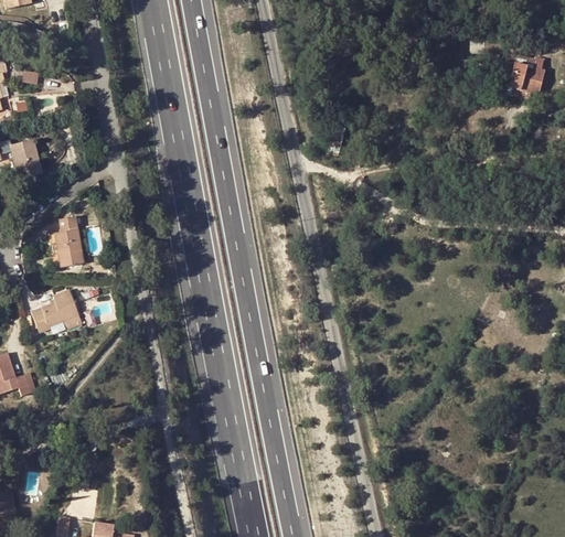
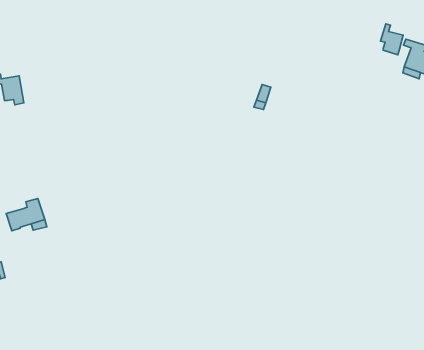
building: none -> [380,24,403,55]
building: [54,216,83,267] -> none

